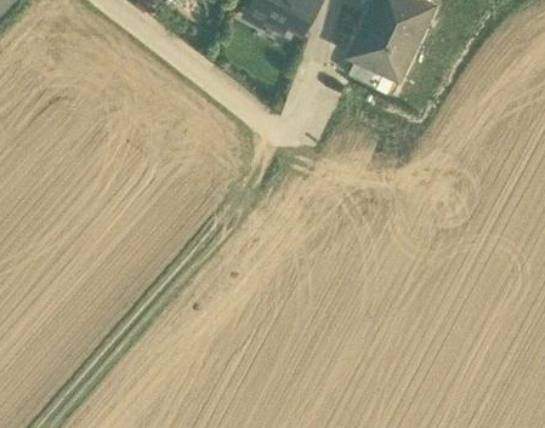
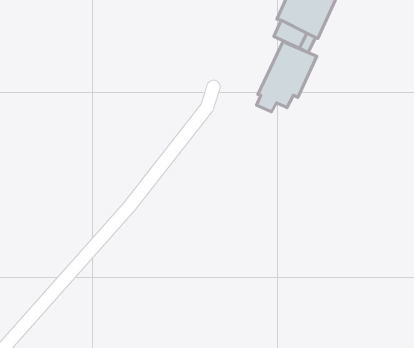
building: none -> [256,41,317,112]

